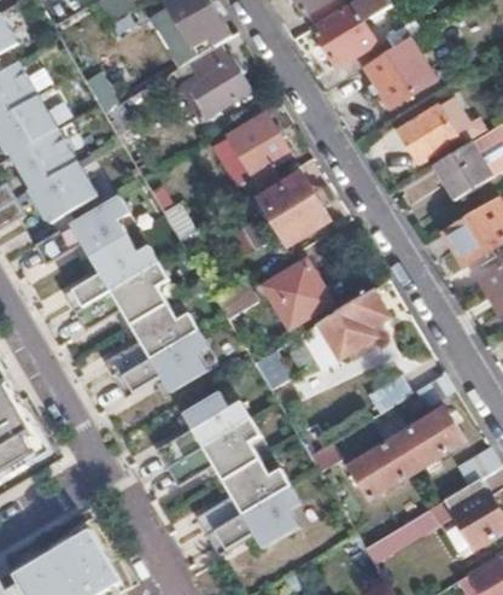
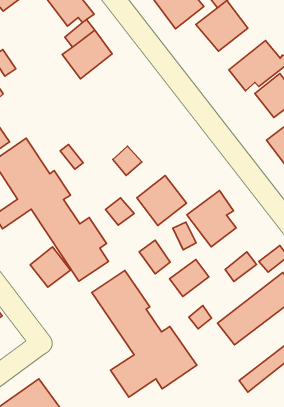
building: [227,118,283,177] -> none
building: [259,179,324,247] -> none
building: none -> [169,259,209,296]

